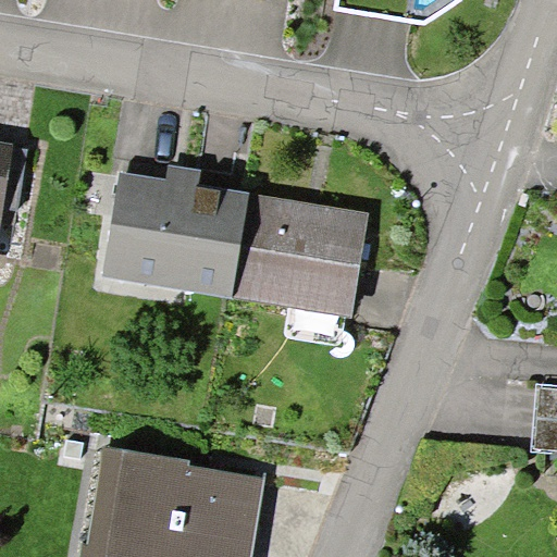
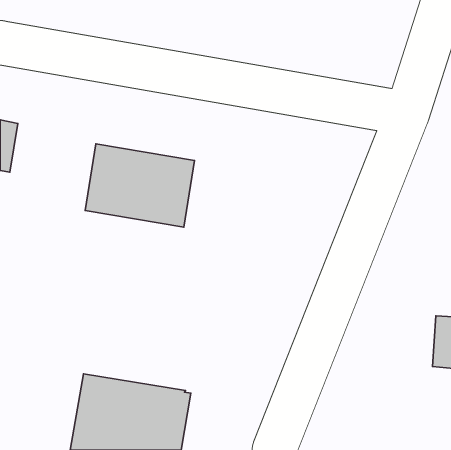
building: [225,197,362,314] -> none

